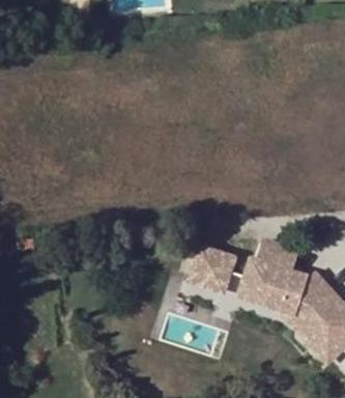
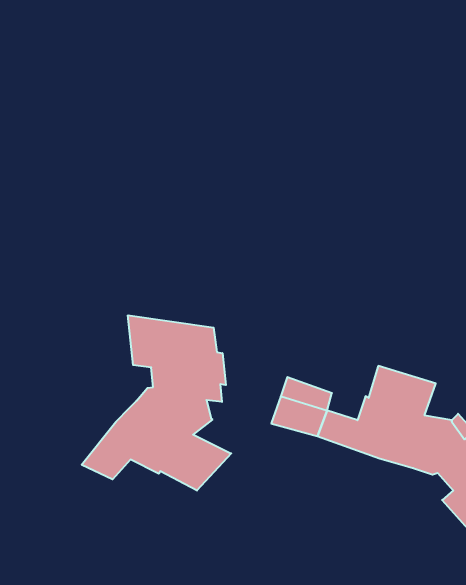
building: none -> [82,315,231,491]

